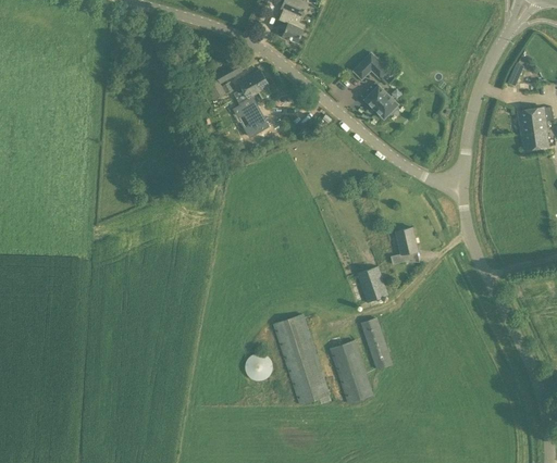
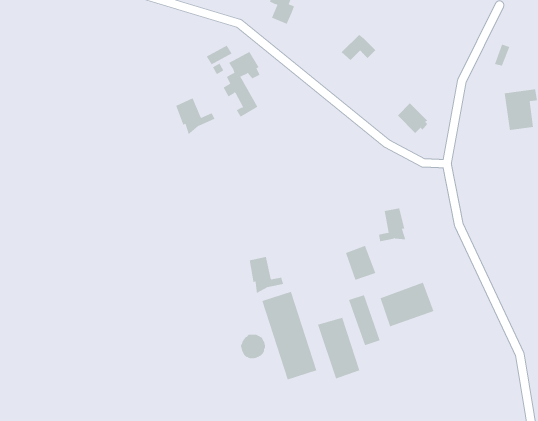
building: [364,86,396,117] -> [397,103,428,134]
building: none -> [176,97,215,135]
building: none -> [249,256,284,294]
building: none -> [380,282,434,327]

